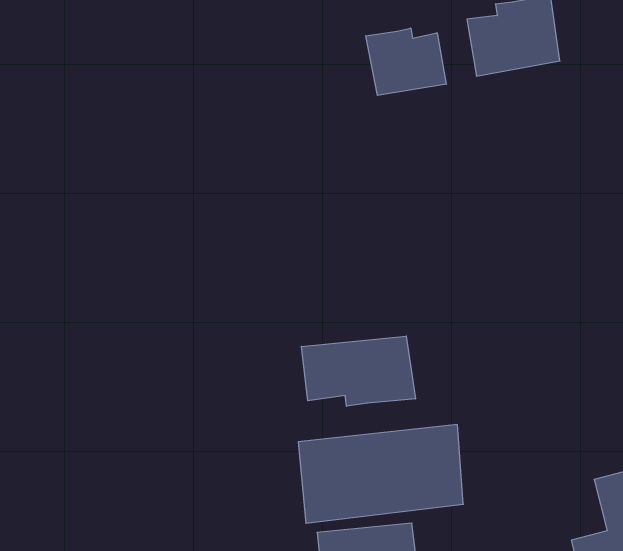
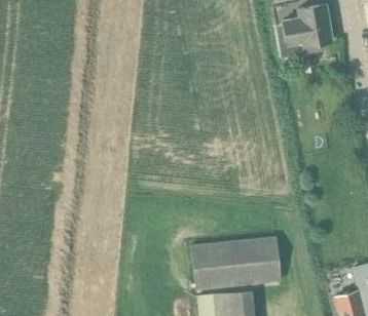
building: [366,28,446,95] -> none
building: [301,336,415,406] -> none

